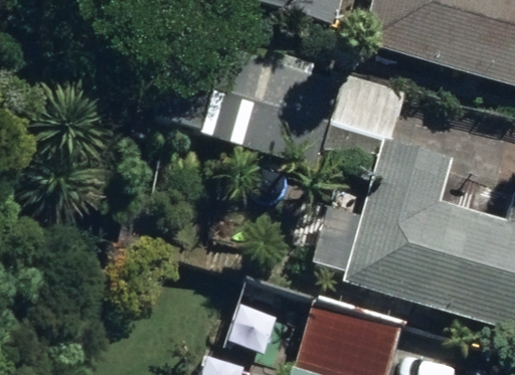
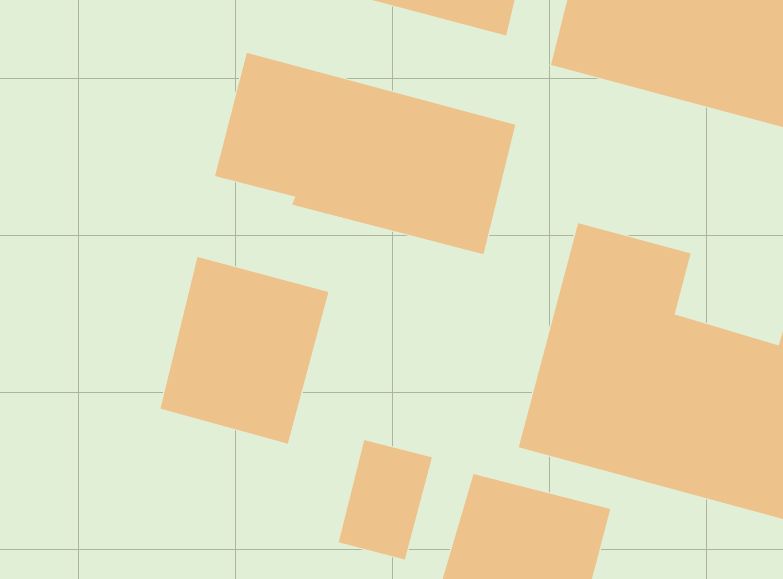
building: none -> [160,256,329,445]

